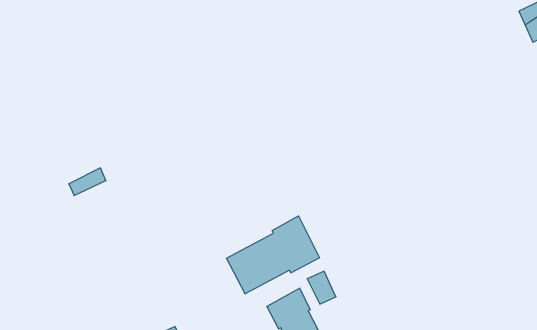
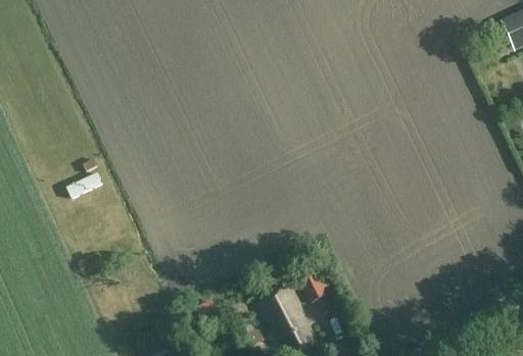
building: [226,216,320,294] -> none

